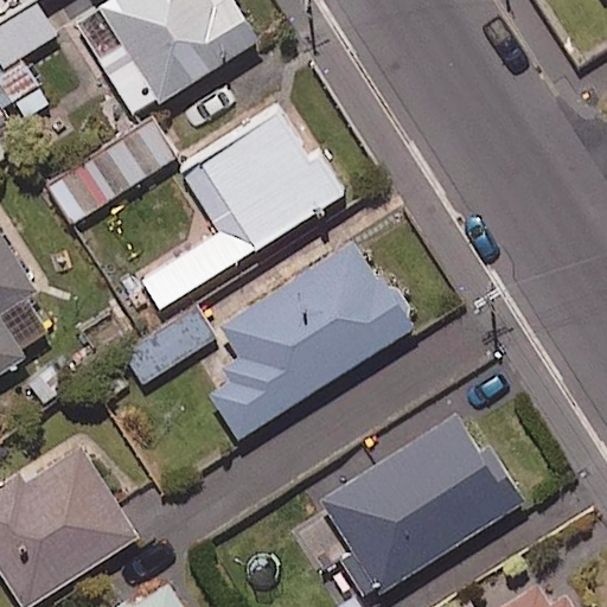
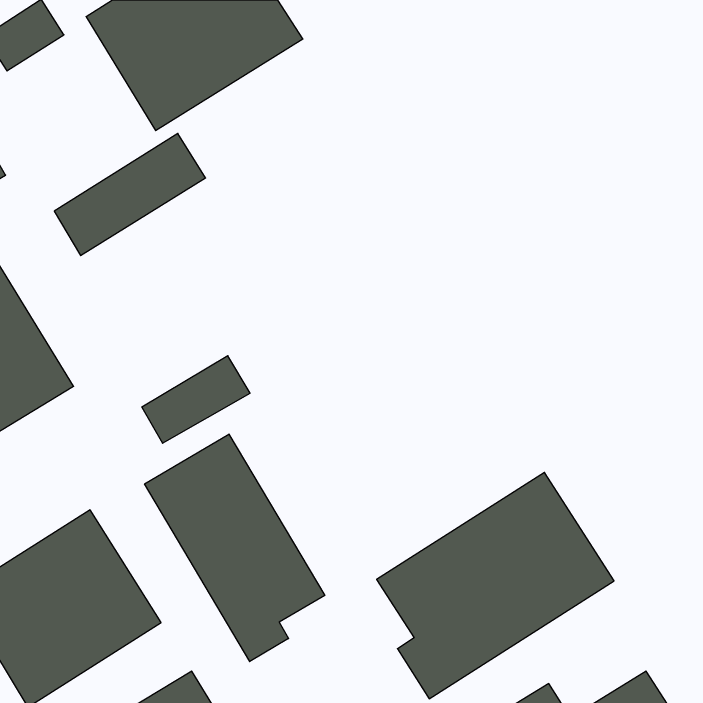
building: [139,110,344,309] -> none
building: [199,238,411,439] -> none
building: none -> [145,434,325,662]

